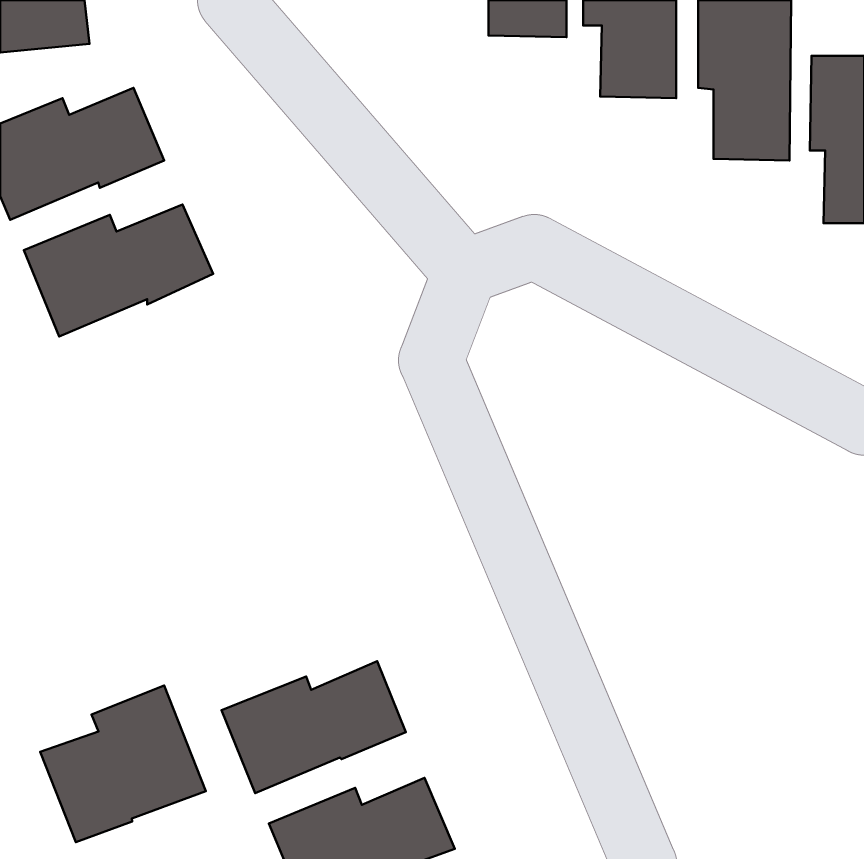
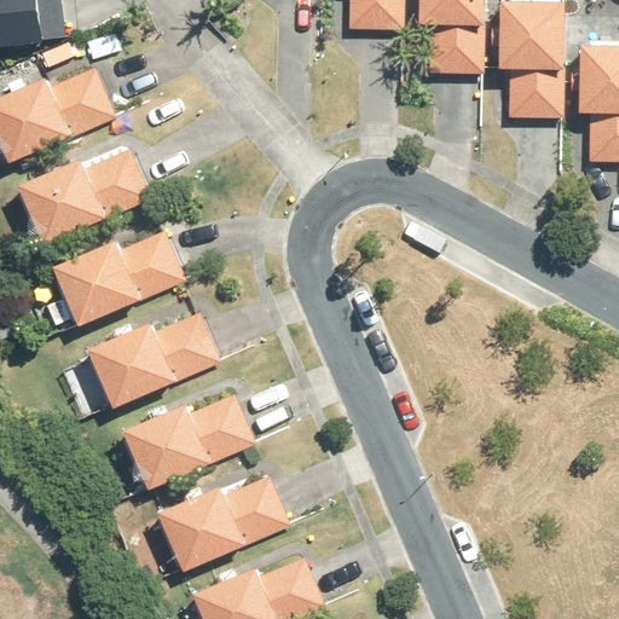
building: none -> [52,231,186,324]
building: none -> [87,313,221,407]
building: none -> [122,395,258,490]
building: [40,685,206,842] -> none

